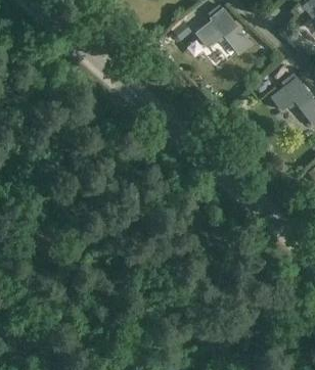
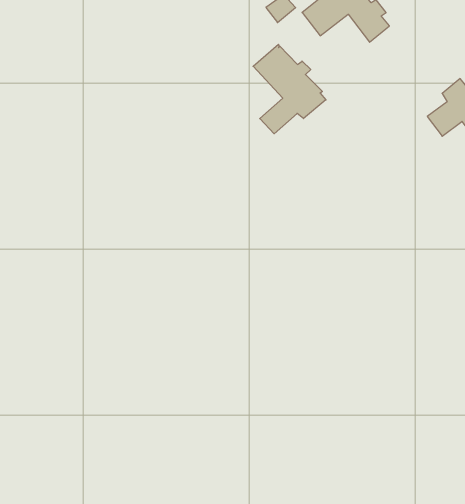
building: none -> [253,44,326,134]

